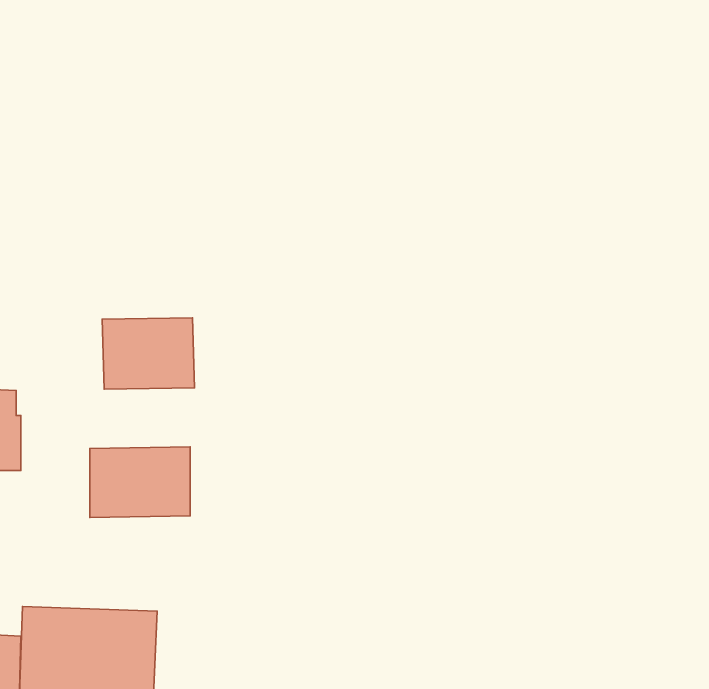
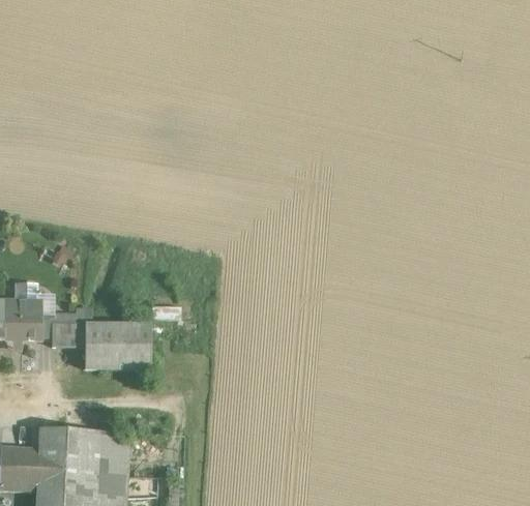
building: [102,318,195,389] -> none
building: none -> [52,323,85,346]

